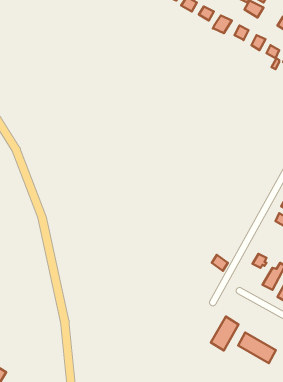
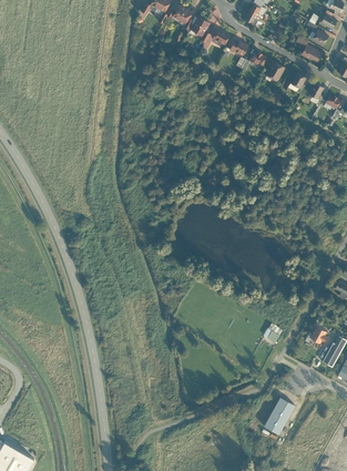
building: [238,333,276,363] -> none

